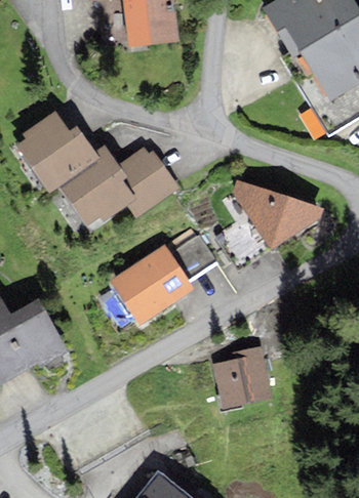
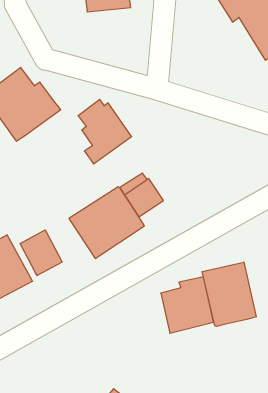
building: [58,143,135,224] -> none
building: [233,179,324,249] -> none
building: none -> [20,230,62,276]
building: none -> [202,262,256,326]

